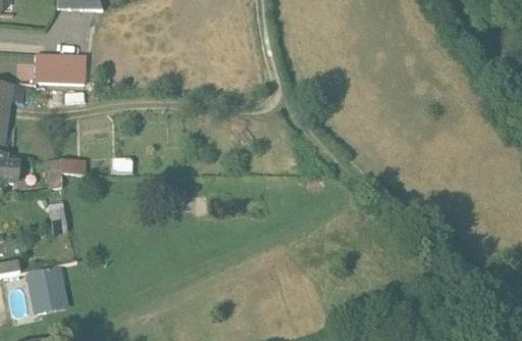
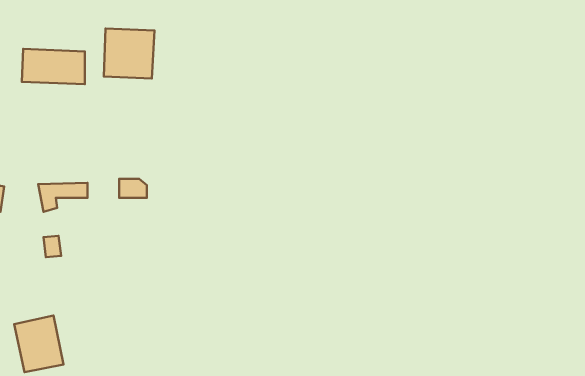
building: none -> [104,29,154,79]

